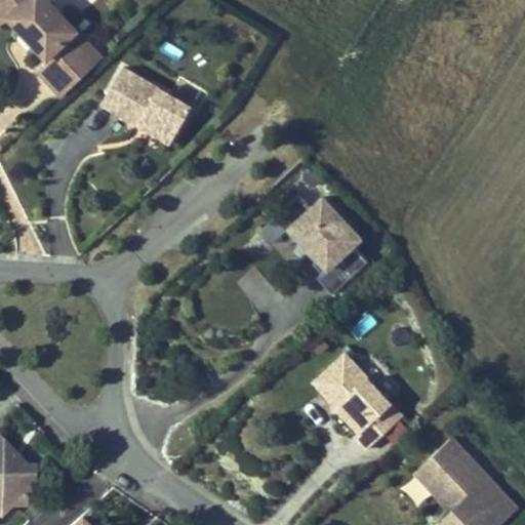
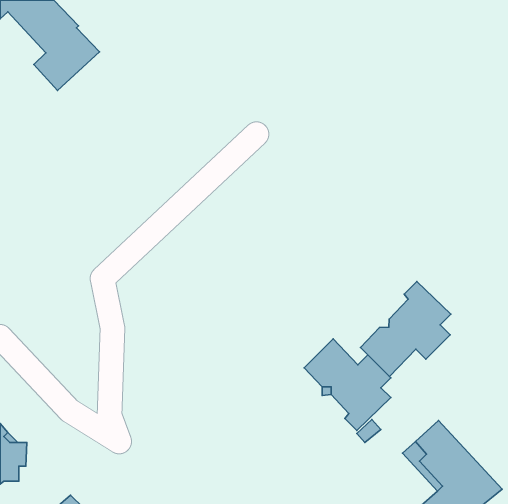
building: [100,67,192,142] -> none
building: [273,194,368,297] -> none
building: none -> [361,281,451,377]

